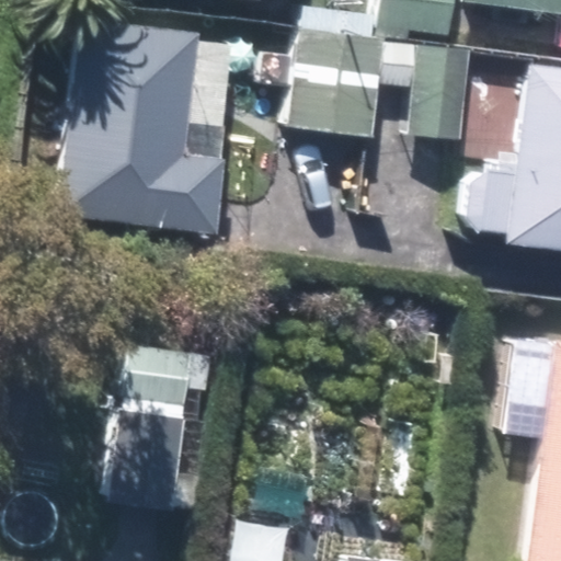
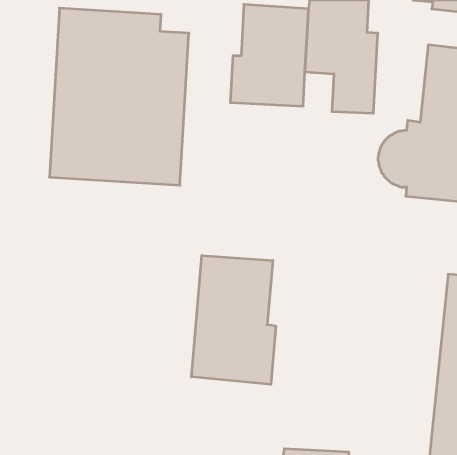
building: none -> [191,255,276,384]
building: [107,324,193,510] -> none

